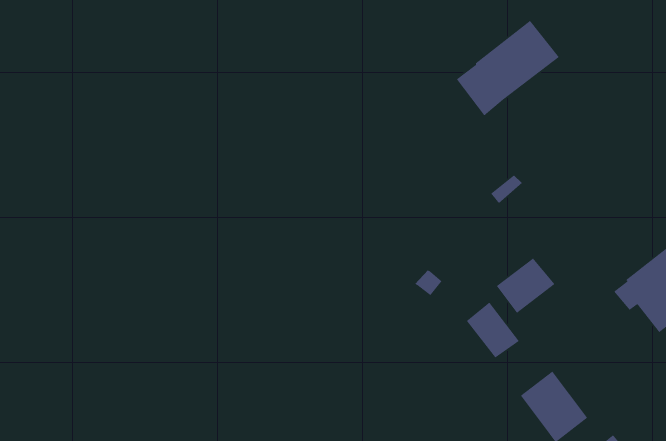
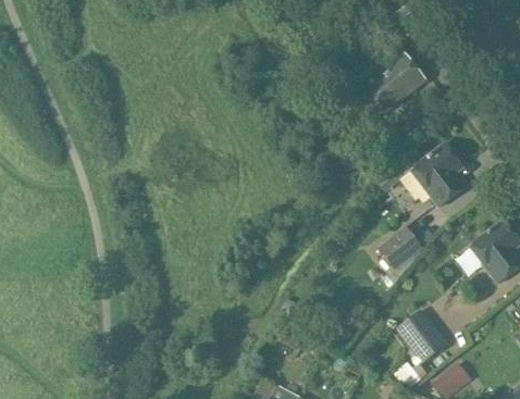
building: none -> [410,142,466,205]
building: [466,302,520,358] -> none

